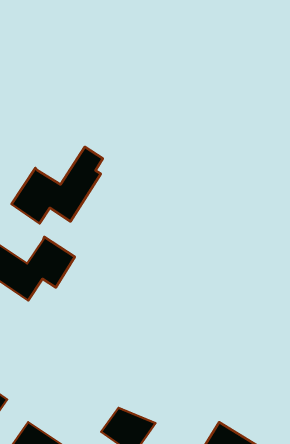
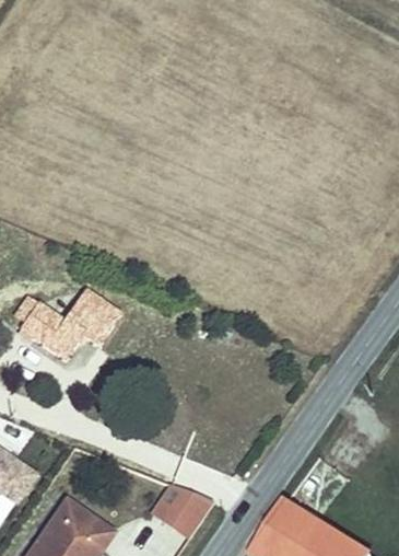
building: [12,147,103,224] -> none

